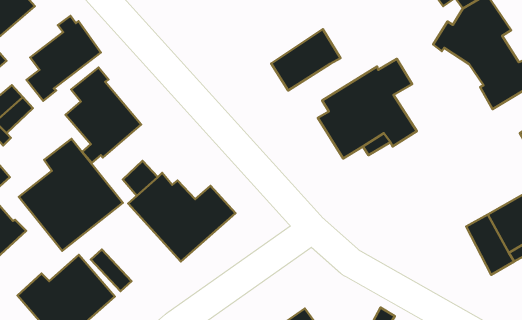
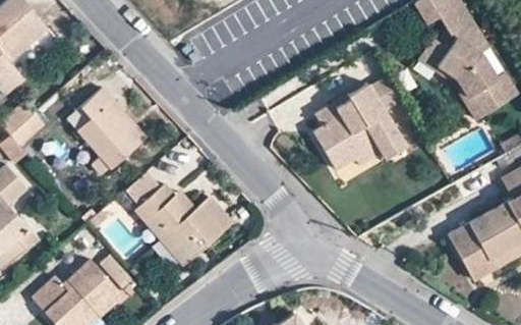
building: [26,16,101,101] -> none
building: [271,29,341,91] -> none
building: [19,139,123,251] -> none

